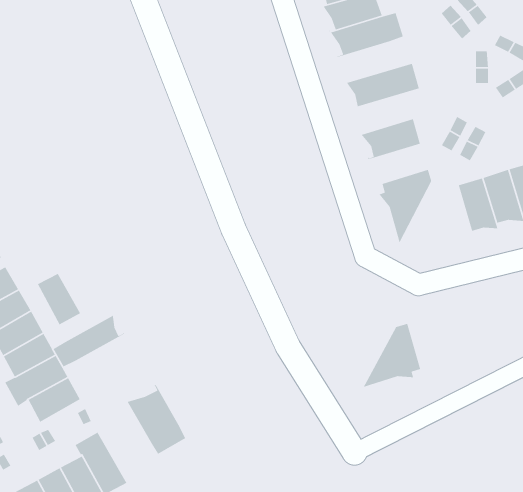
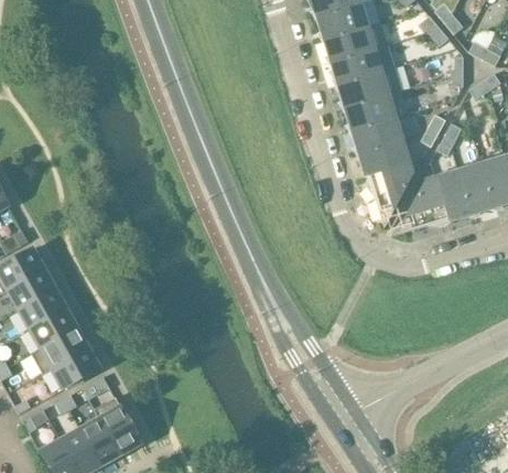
building: none -> [328,43,396,84]
building: none -> [343,89,409,130]
building: none -> [356,139,410,174]
building: [37,273,81,326] -> none
building: [53,315,125,367] -> none
building: [362,323,421,388] -> [396,175,448,234]
building: [127,384,186,455] -> none

